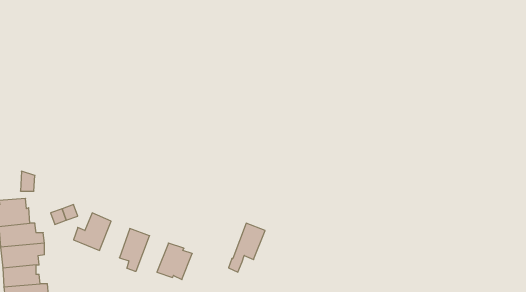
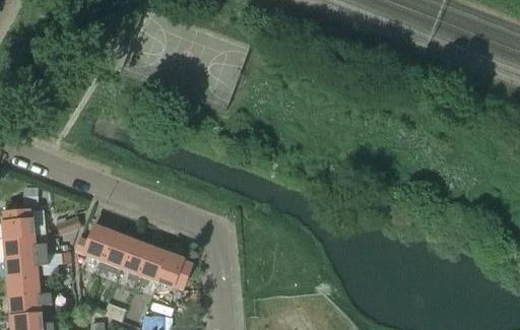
building: none -> [100,232,131,273]
building: [229,223,265,272] -> [133,246,169,293]

